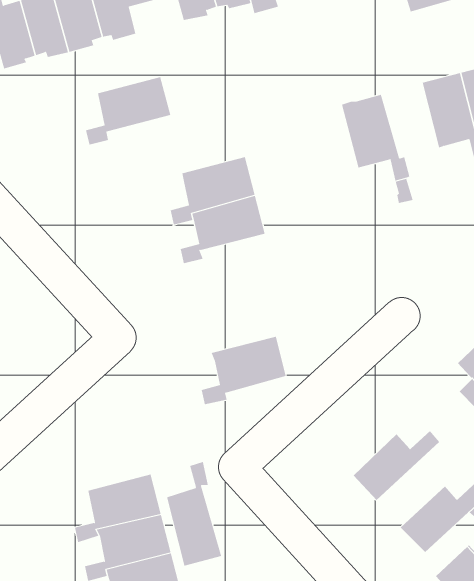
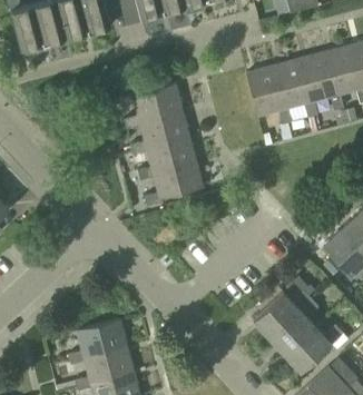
building: [85,76,171,145] -> [126,83,183,129]
building: none -> [273,60,317,119]
building: [201,336,286,405] -> [146,160,203,206]
building: none -> [269,298,321,355]
building: [166,461,222,567] -> none

